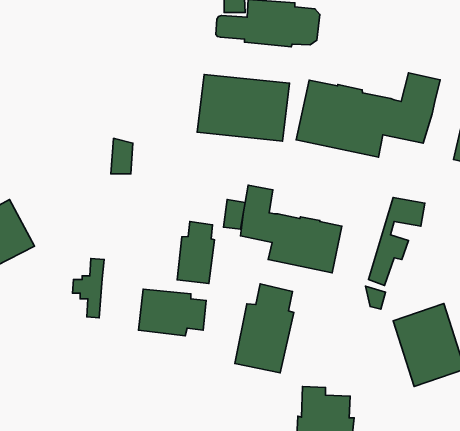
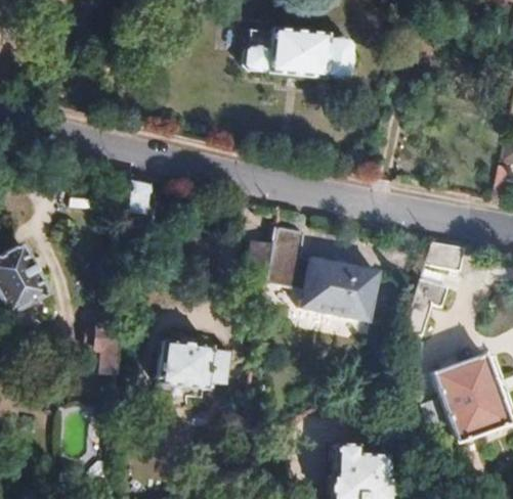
building: [296,73,440,157] -> none
building: [197,75,290,141] -> none
building: [177,222,215,283] -> none
building: [235,284,294,373] -> none

